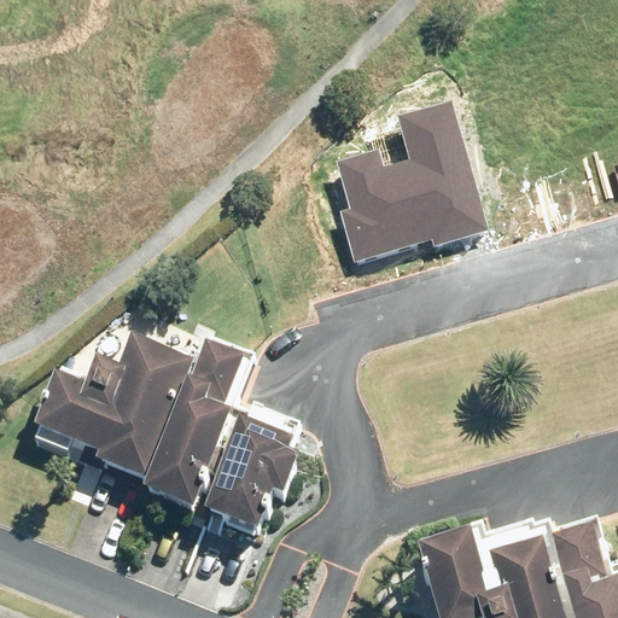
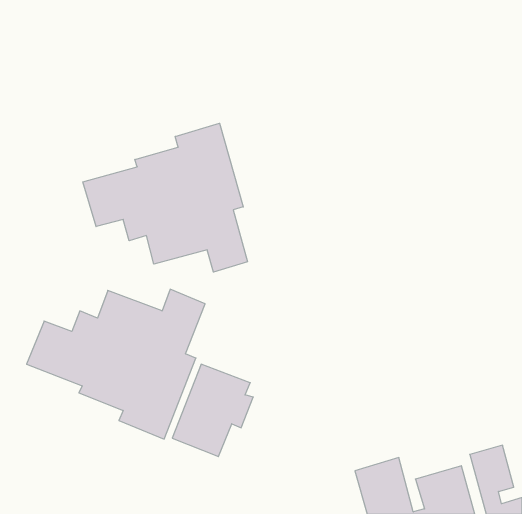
building: [339,88,489,249] -> none
building: none -> [83,123,248,272]

